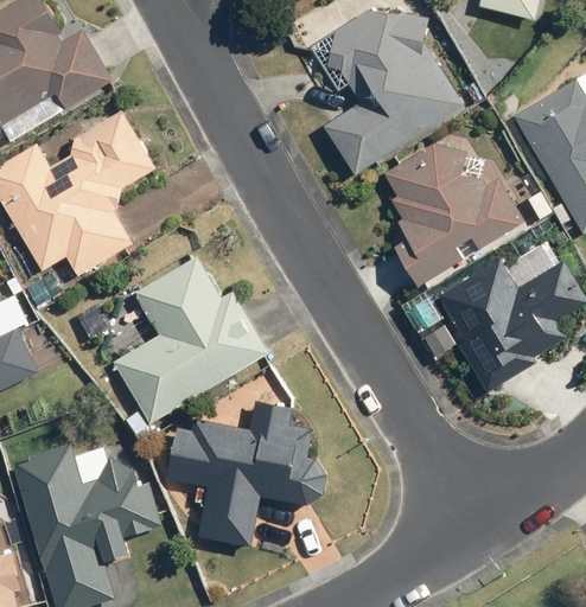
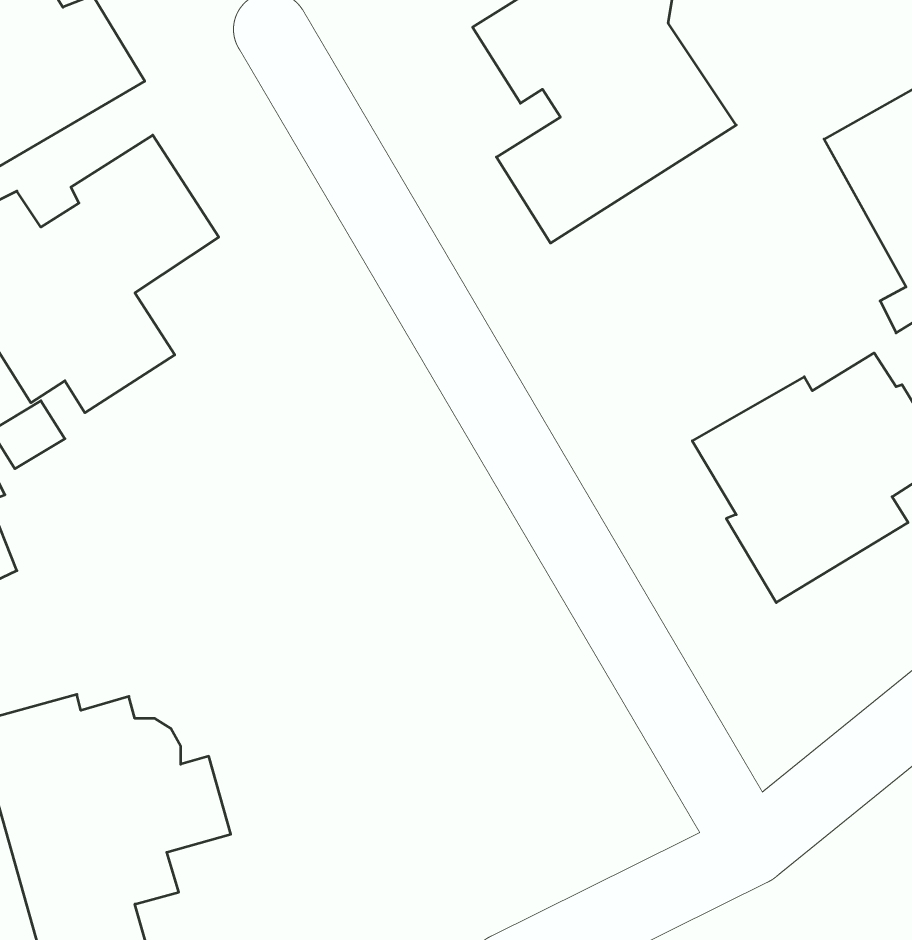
building: [381,132,527,289] -> none
building: [112,256,268,426] -> none
building: [170,404,325,544] -> none

